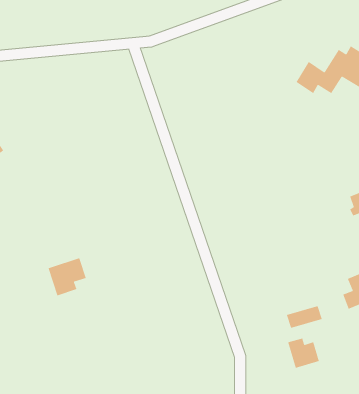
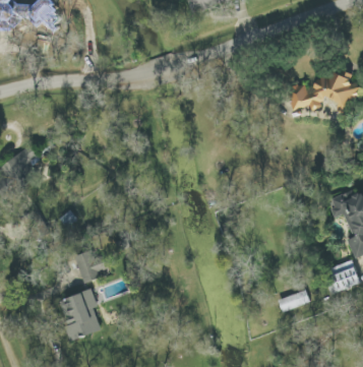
building: none -> [59,289,101,339]
building: [287,337,320,369] -> none

